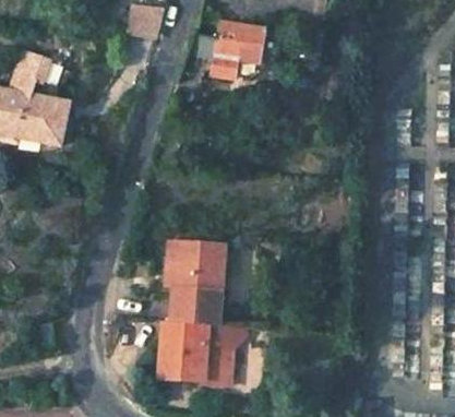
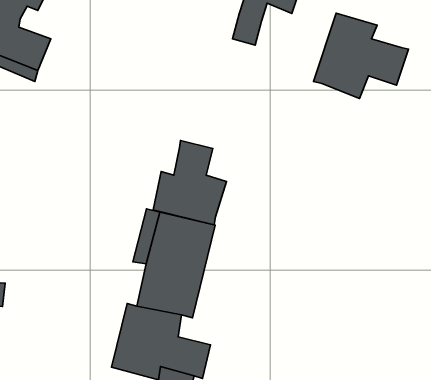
building: none -> [313,13,409,99]
building: none -> [153,141,226,225]

